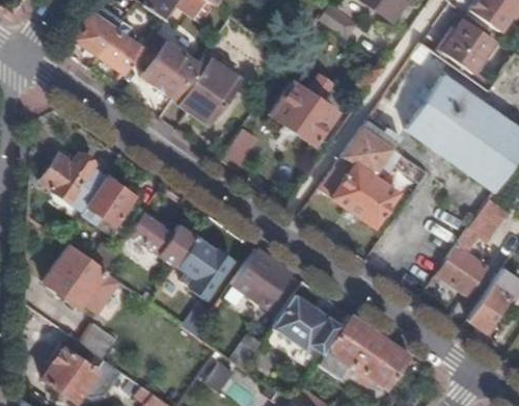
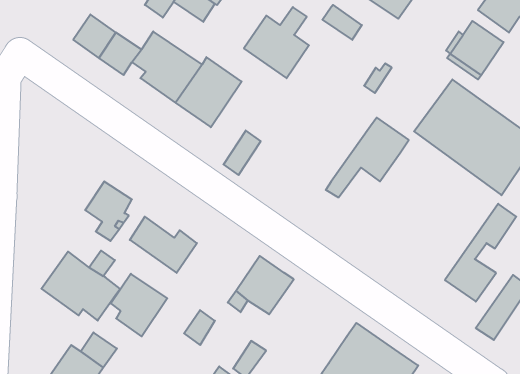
building: [272,75,335,144] -> [244,7,309,78]
building: [43,153,106,211] -> none
building: [332,164,398,227] -> none
building: [176,238,231,299] -> [111,274,167,336]
building: [274,295,343,355] -> none

